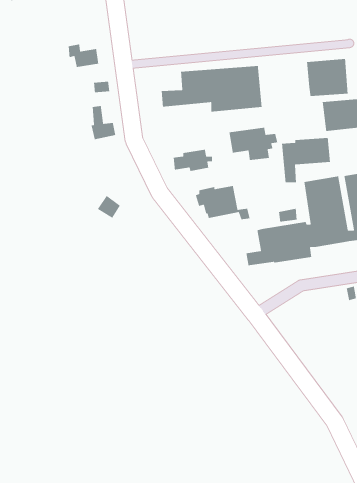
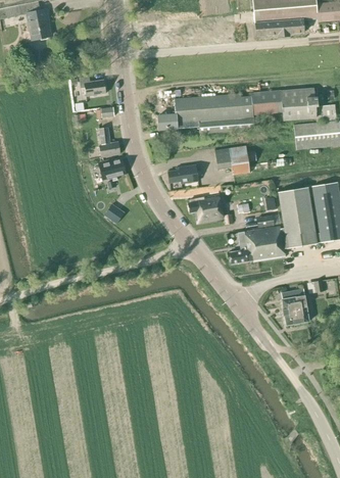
building: [281,137,331,183] -> [241,90,283,129]
building: none -> [100,157,127,179]
building: none -> [281,288,309,324]

